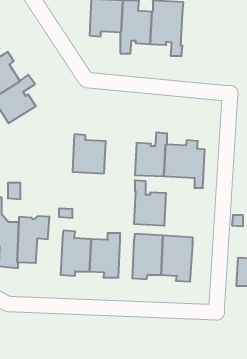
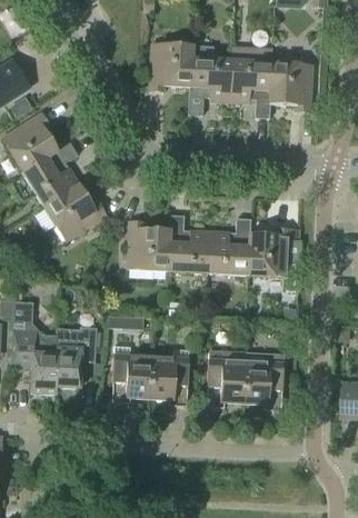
building: none -> [268,61,311,111]
building: none -> [43,182,107,240]
building: [134,180,166,226] -> [168,213,210,272]

